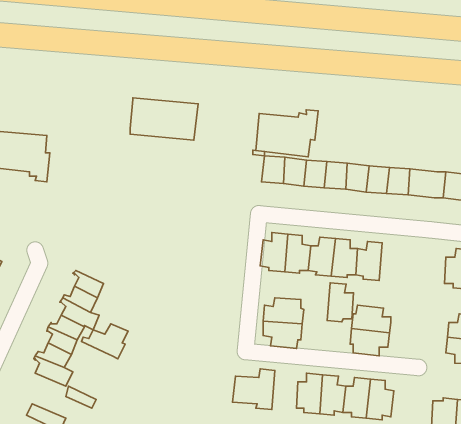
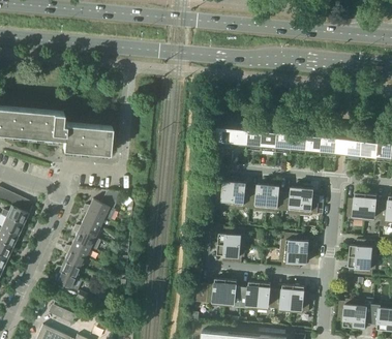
building: [130,98,198,140] -> [64,123,113,153]
building: [256,110,318,157] -> none
building: [327,283,353,322] -> [301,188,320,216]
building: [82,324,128,359] -> [85,195,118,220]
building: none -> [224,279,243,308]

